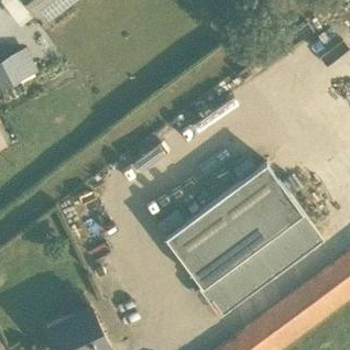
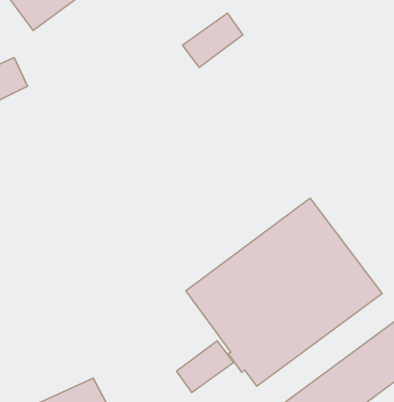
building: none -> [183,13,243,67]
building: none -> [177,341,233,392]

